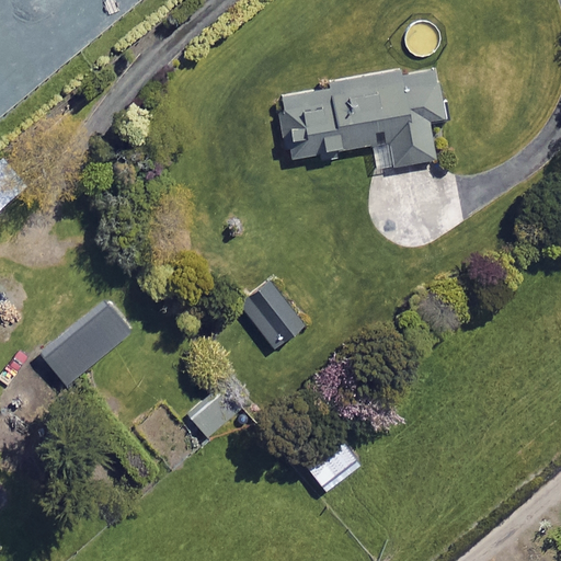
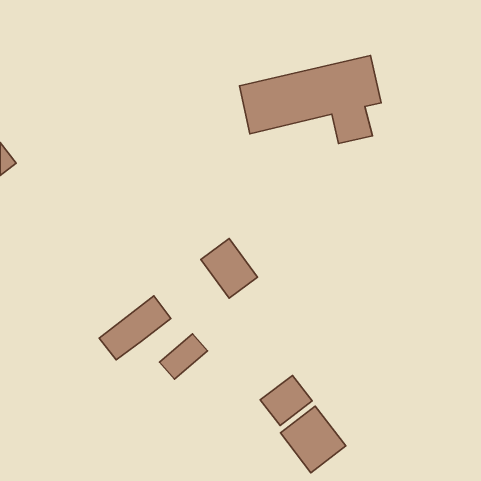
building: [48,306,131,380] -> [99,296,171,360]
building: none -> [280,406,346,473]

